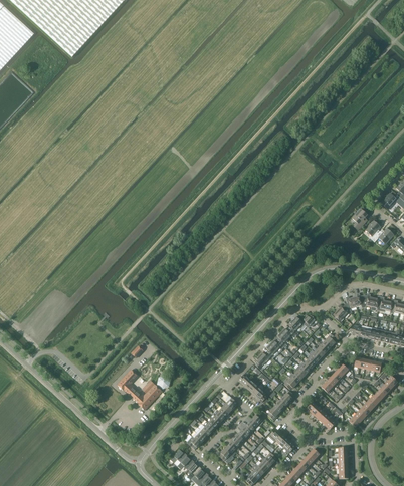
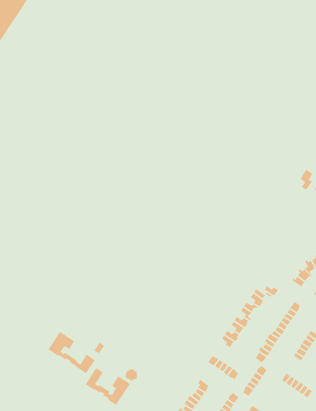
building: none -> [48,331,96,374]

